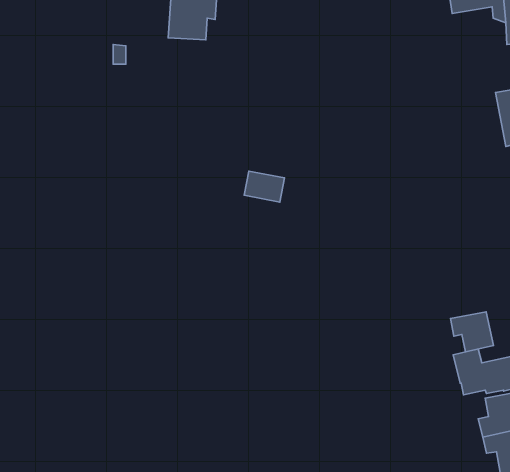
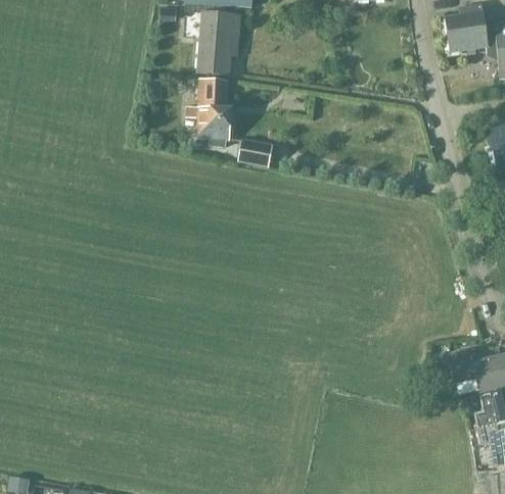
building: none -> [186,78,232,139]
building: [244,171,284,202] -> [238,140,274,167]
building: [451,312,494,352] -> none

